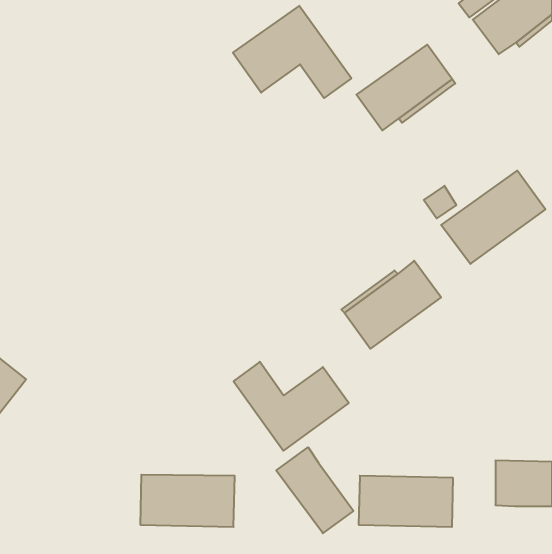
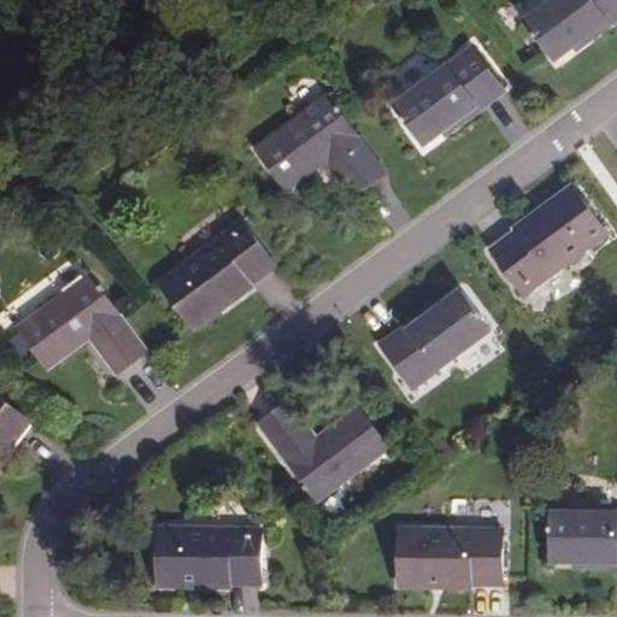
building: [233,6,351,98] -> [253,93,384,195]
building: none -> [159,221,275,325]
building: none -> [18,275,146,374]
building: [276,447,353,533] -> none

